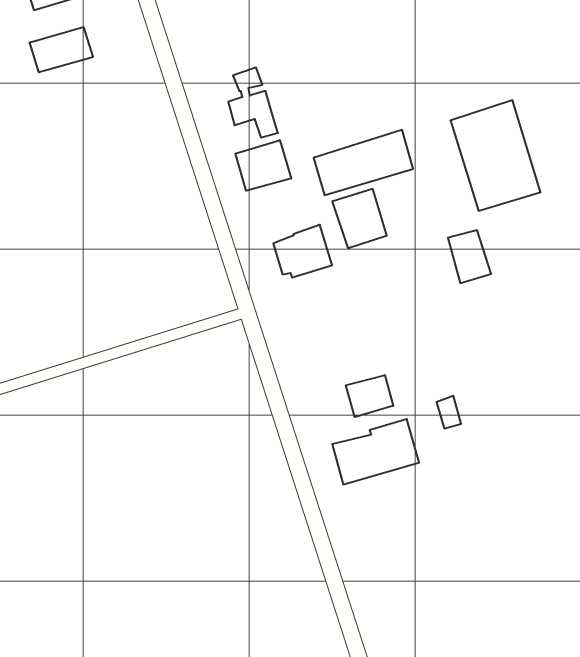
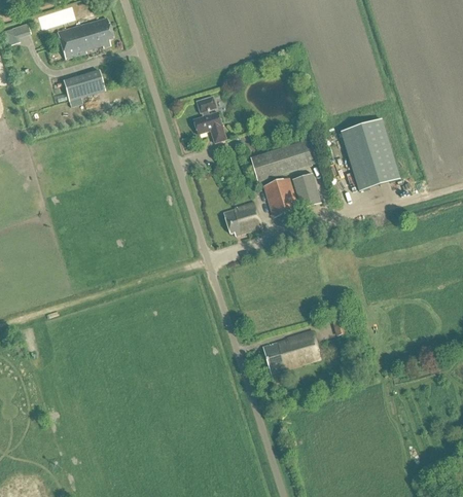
building: [235,140,291,191] -> none
building: [448,230,491,283] -> [292,174,321,209]
building: [346,375,393,417] -> none

